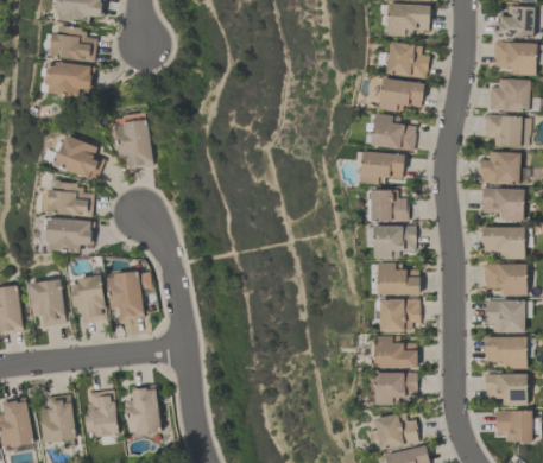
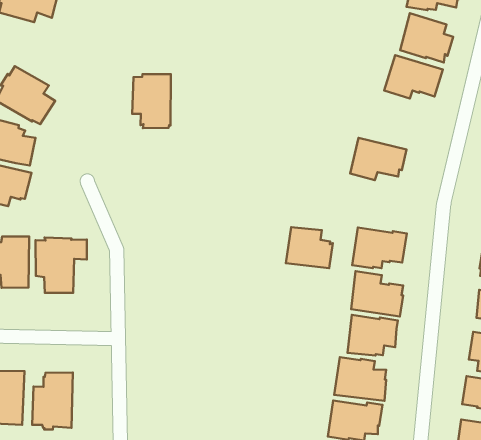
building: [371,113,416,151] -> none
building: [116,119,153,167] -> [132,74,171,128]
building: [372,190,409,222] -> [286,227,333,268]

